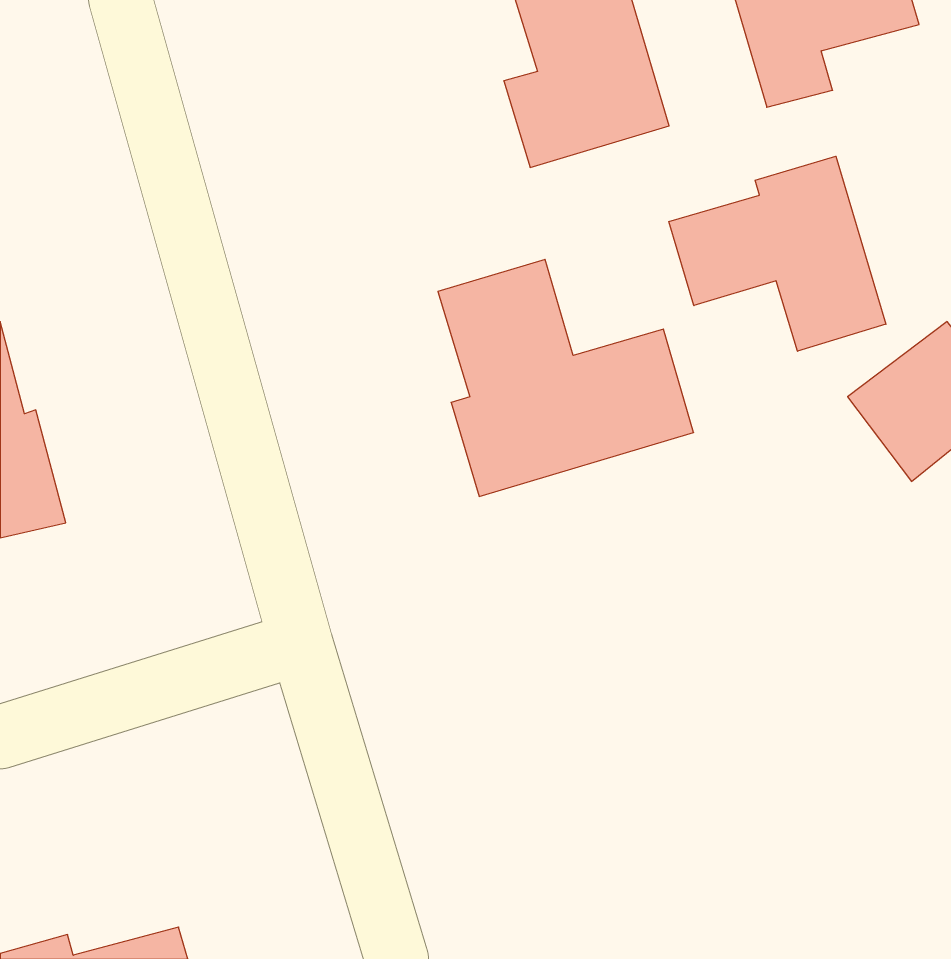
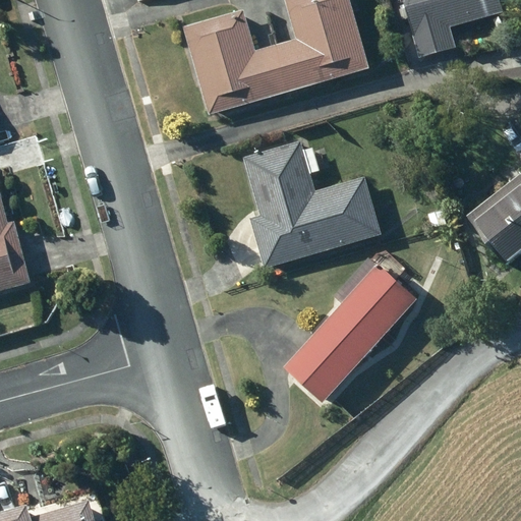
building: none -> [184,10,292,115]
building: [669,156,886,351] -> none
building: none -> [282,256,415,403]

